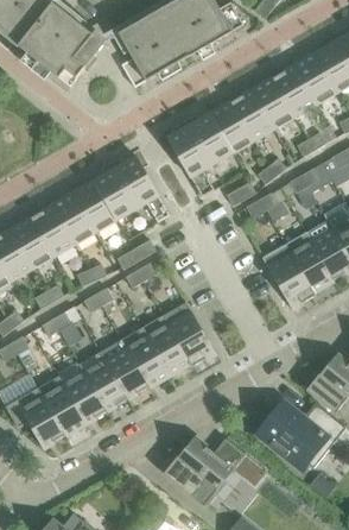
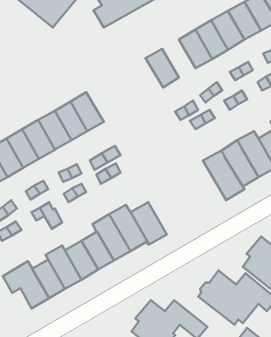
building: [209,102,252,151] -> none
building: [166,126,214,196] -> none
building: [113,156,169,222] -> none

